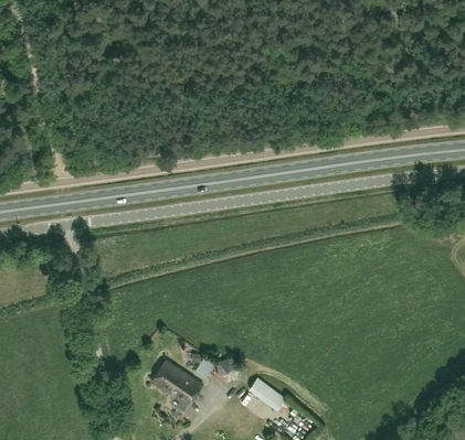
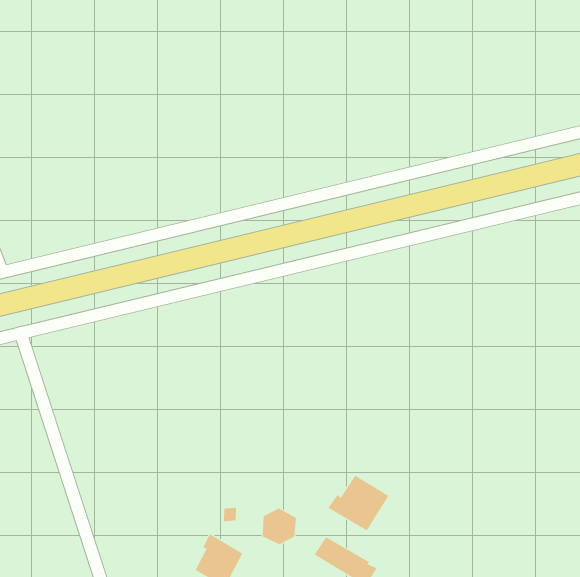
building: none -> [328,475,389,531]
building: [150,359,180,393] -> none

